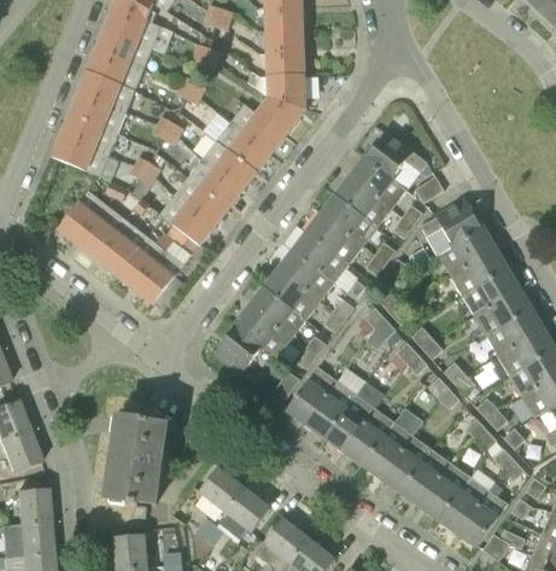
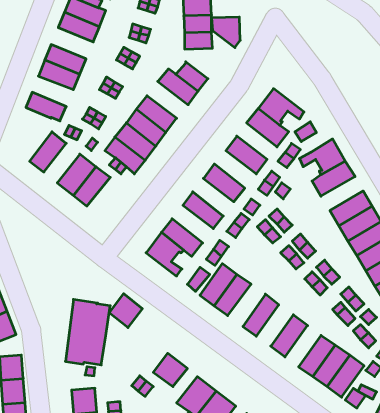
building: [87,49,144,92] -> none
building: [267,77,305,118] -> [212,17,240,48]
building: [62,115,117,156] -> none
building: [216,122,271,171] -> none
building: [336,177,391,227] -> none
building: [77,205,125,258] -> none
building: [306,215,363,266] -> none
building: [450,250,507,296] -> none
building: [135,251,183,304] -> none
building: [277,252,333,303] -> none
building: [250,289,305,339] -> none
building: [324,395,375,451] -> none
building: [363,423,412,478] -> none
building: [402,450,450,506] -> none
building: [199,467,244,513] -> [109,294,142,328]

